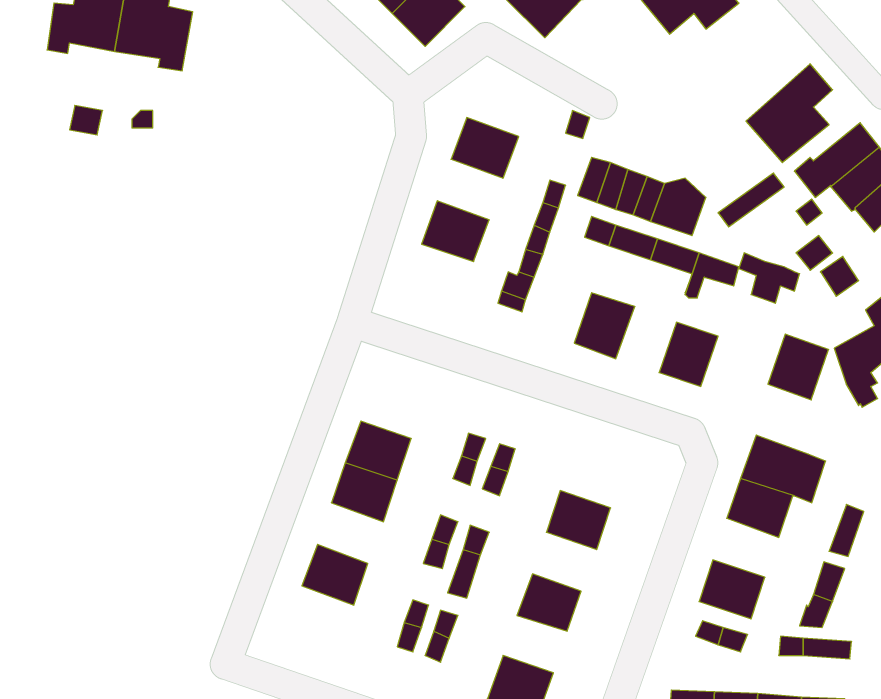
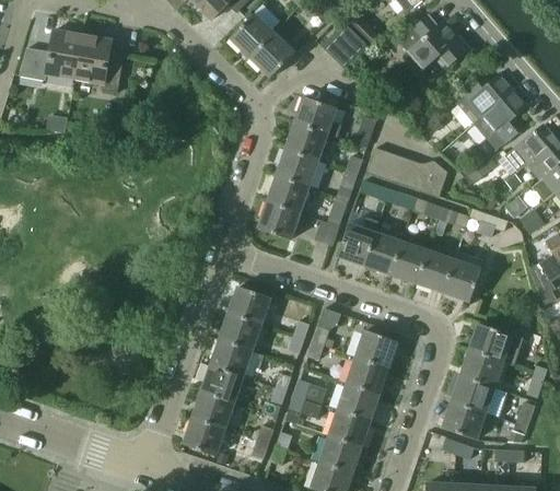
building: none -> [455,72,513,124]
building: none -> [296,95,340,136]
building: none -> [278,148,319,186]
building: none -> [259,201,301,238]
building: none -> [337,218,377,264]
building: none -> [390,241,429,282]
building: [768,334,829,400] -> [444,259,482,301]
building: none -> [230,285,271,324]
building: none -> [355,323,396,367]
building: none -> [202,364,244,402]
building: none -> [452,374,493,411]
building: none -> [338,383,378,420]
building: none -> [184,417,225,455]
building: none -> [319,435,360,471]

